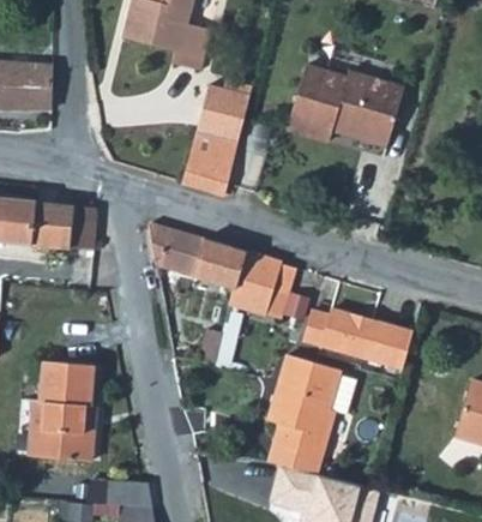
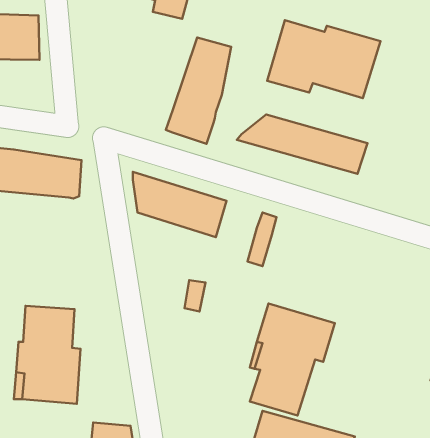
building: none -> [237,115,367,174]
building: [230,252,282,314] -> none
building: [303,312,412,371] -> none

